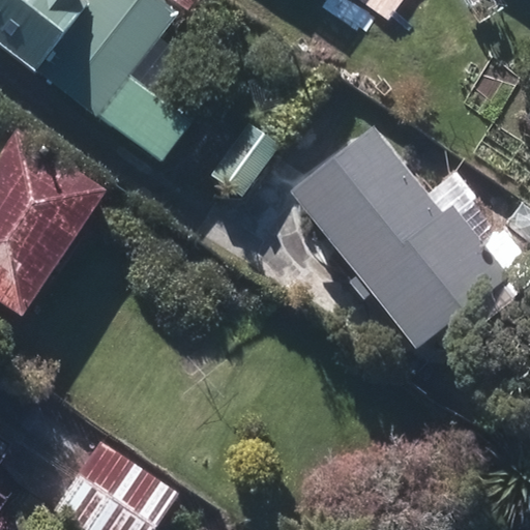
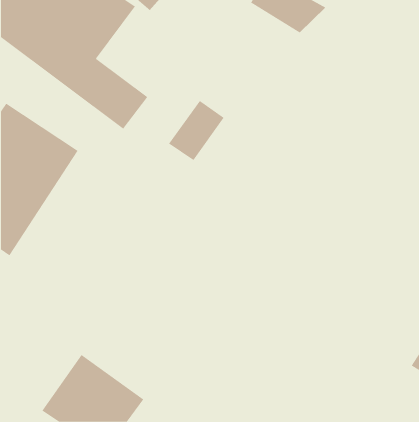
building: [288,126,498,342] -> none

